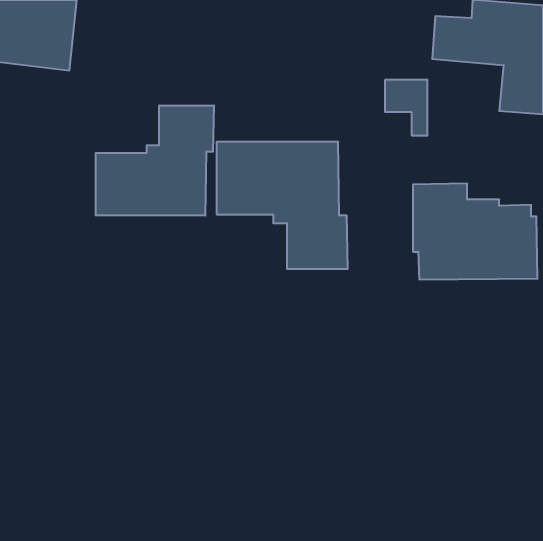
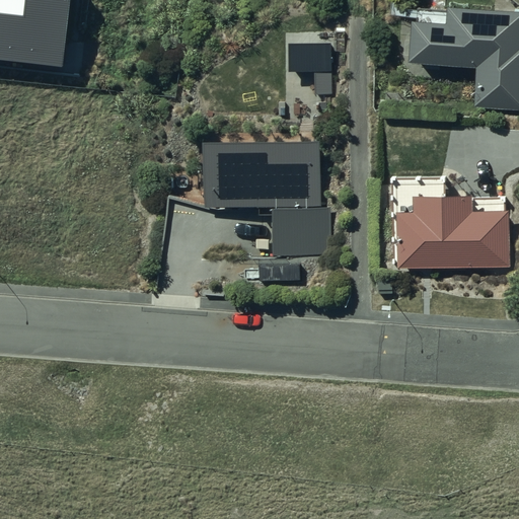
building: [385,80,428,135] -> [289,43,329,95]
building: [96,105,214,216] -> none

